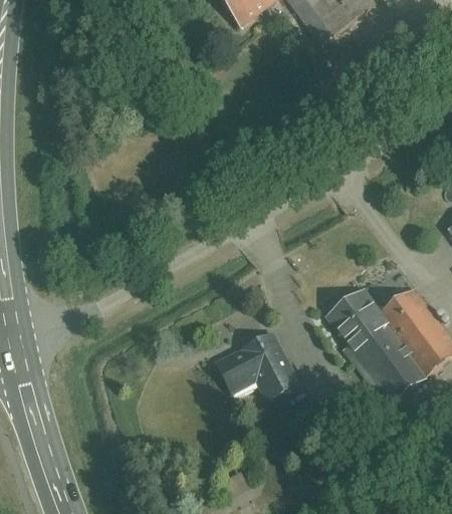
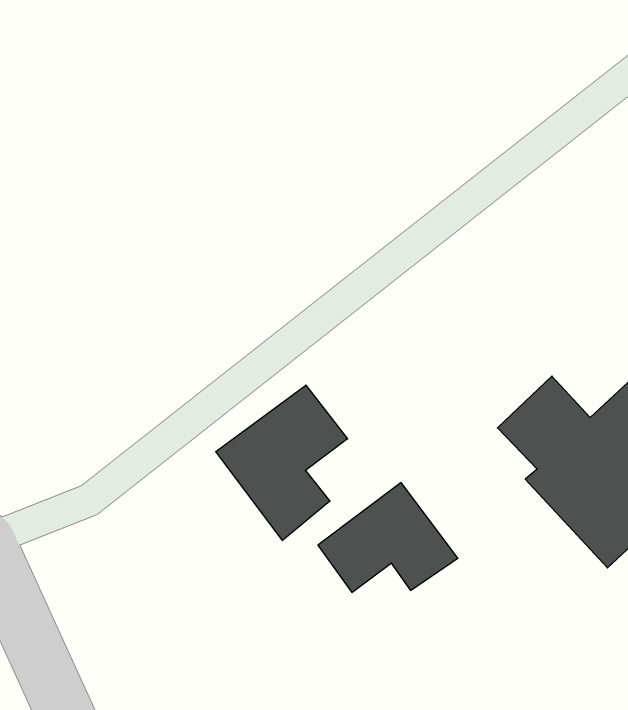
building: none -> [216,385,348,541]

